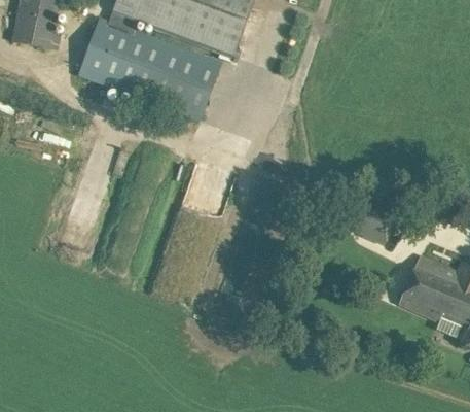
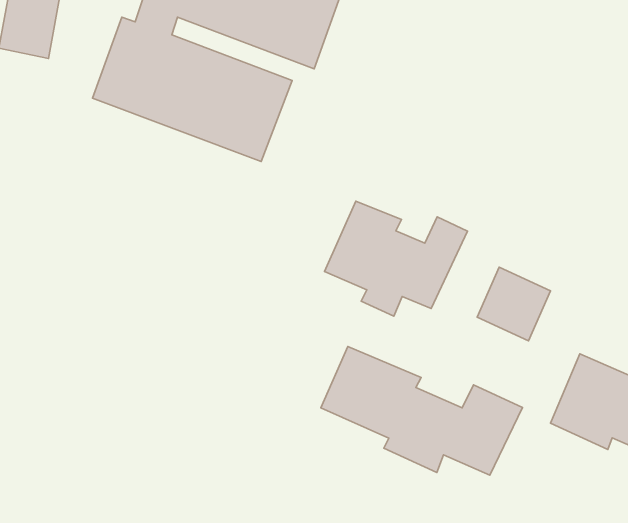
building: none -> [324,201,468,316]
building: none -> [321,346,522,475]

